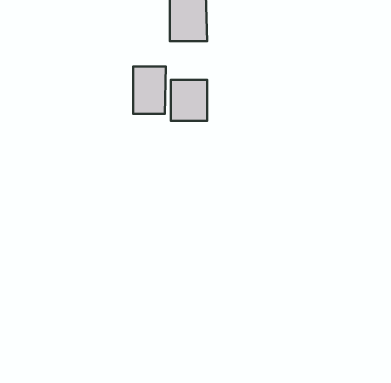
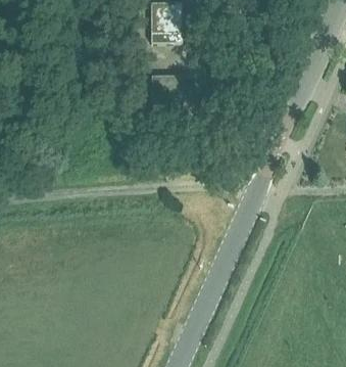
building: [133,67,166,114] -> none

